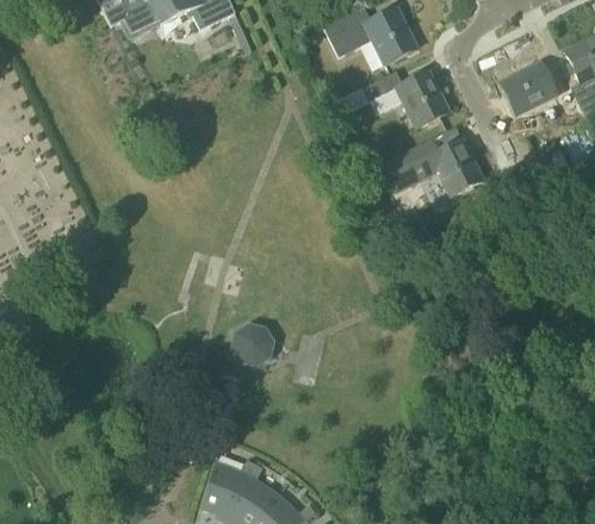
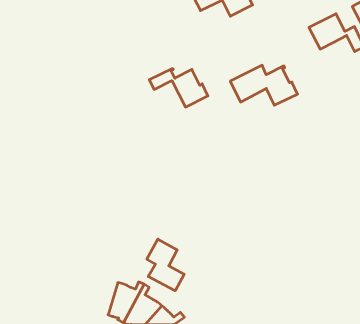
building: [361,70,448,127] -> [149,69,208,107]
building: [230,323,274,366] -> none
building: none -> [147,239,184,291]

